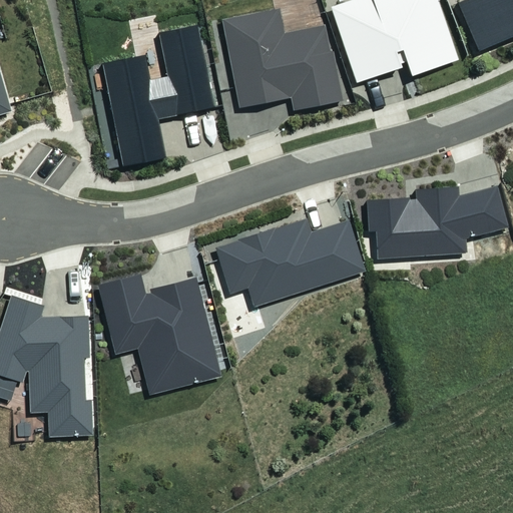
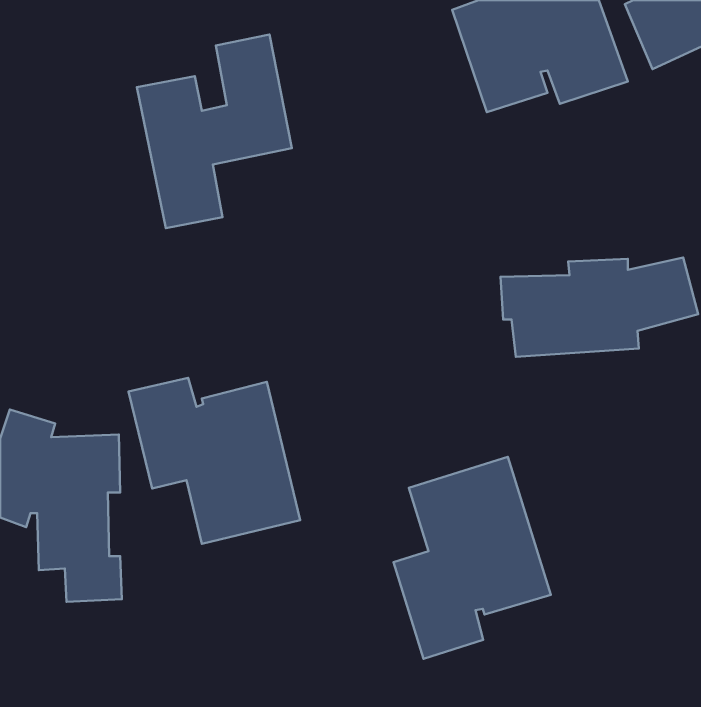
building: [222,8,344,109] -> none
building: [215,218,366,306] -> none
building: none -> [394,457,551,659]

